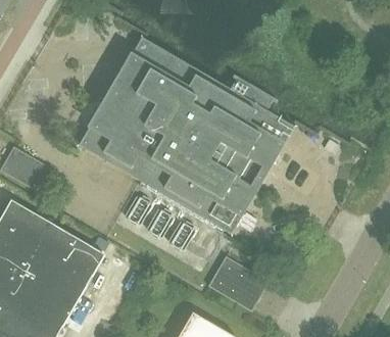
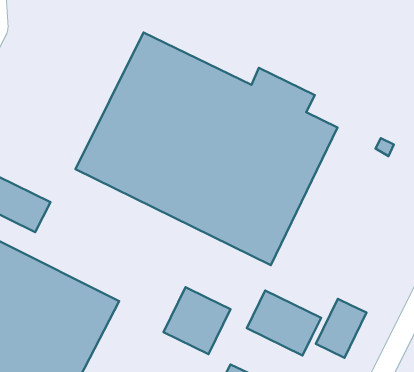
building: none -> [163,287,231,354]
building: none -> [316,299,367,358]

